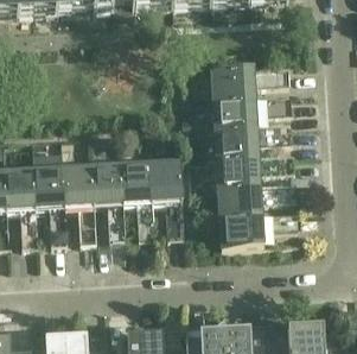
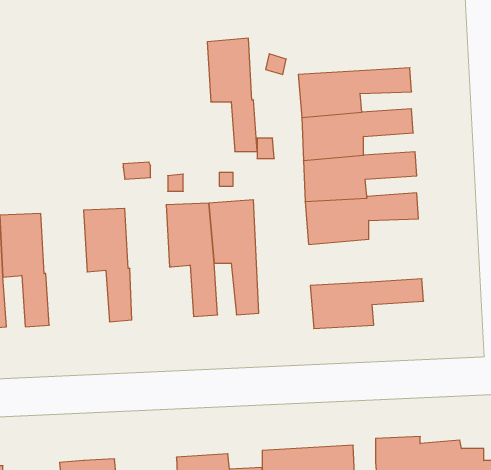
building: [91,157,126,235] -> [207,38,257,152]
building: [33,160,68,239] -> none
building: [218,178,297,213] -> none

